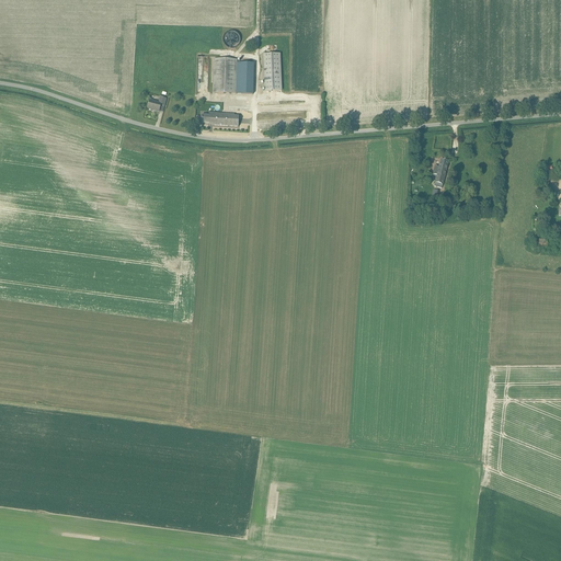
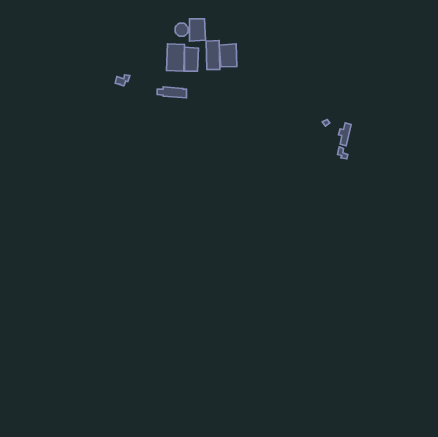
building: none -> [190,19,205,41]
building: none -> [219,44,237,67]

